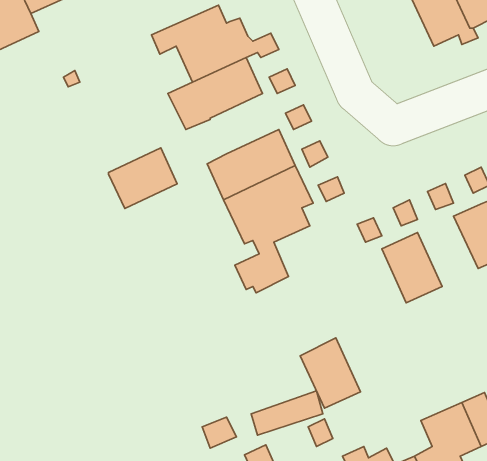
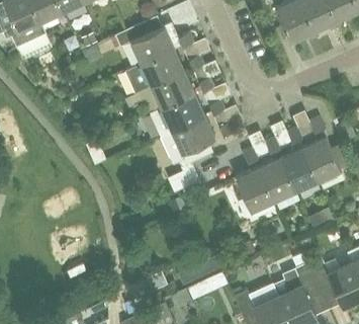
building: [109,148,177,208] -> [152,72,194,109]
building: none -> [280,148,318,191]
building: [300,338,360,408] -> [236,168,273,212]

